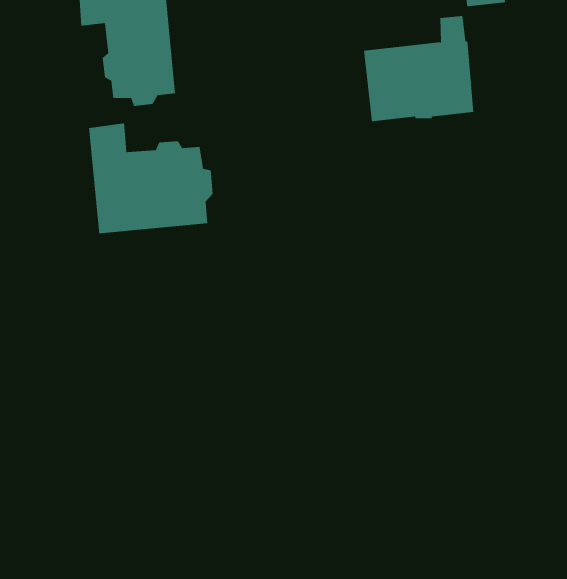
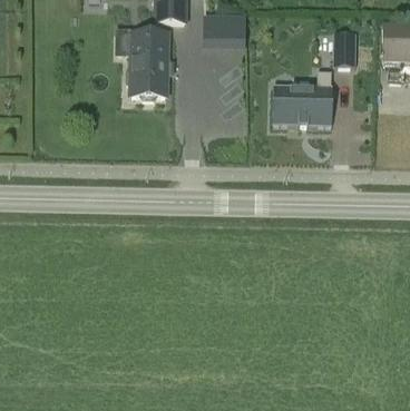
building: [88,122,213,234] -> none

